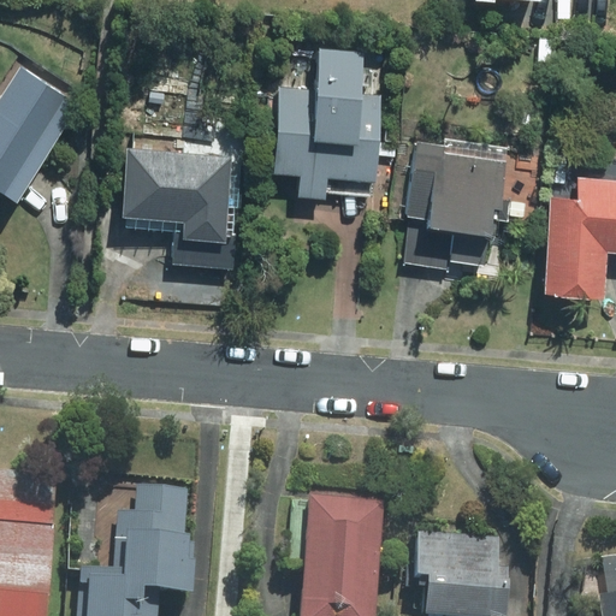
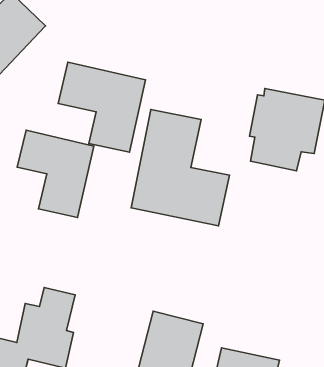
building: [270,48,383,200] -> none
building: none -> [131,110,230,226]
building: none -> [17,130,94,218]

